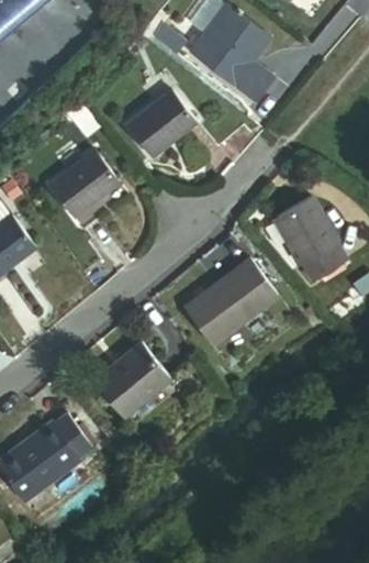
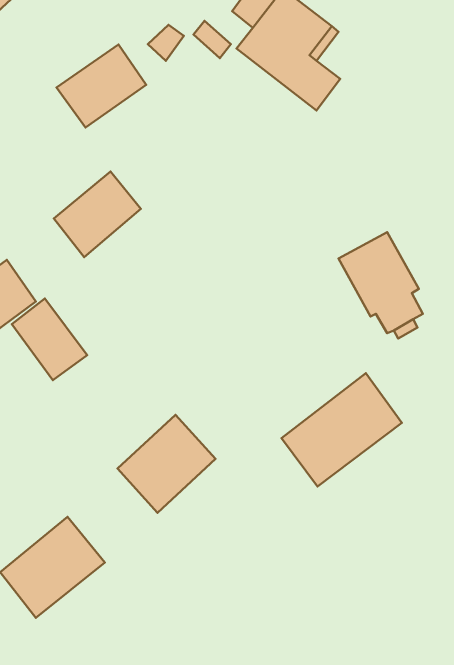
building: [122,90,193,156] -> [56,45,146,128]
building: none -> [12,299,87,380]
building: [186,254,281,344] -> [282,373,402,486]

